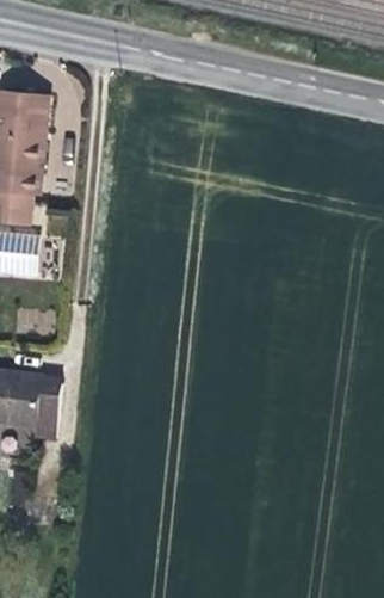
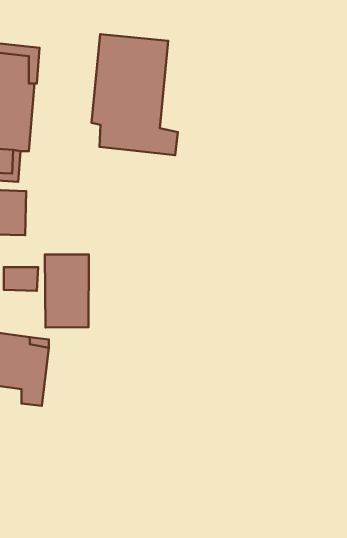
building: none -> [91,34,178,155]
building: none -> [45,254,89,327]

